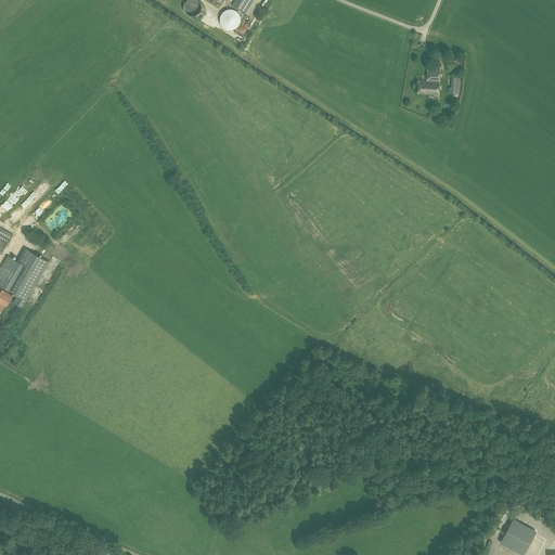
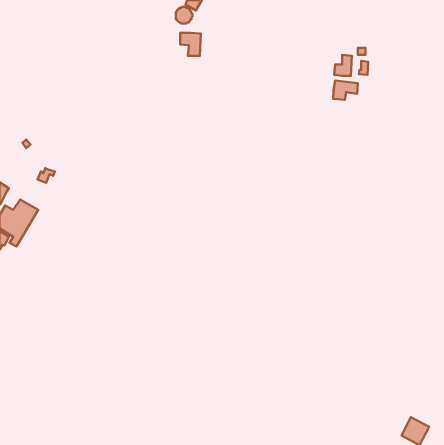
building: none -> [180,33,201,56]
building: none -> [333,81,358,100]

